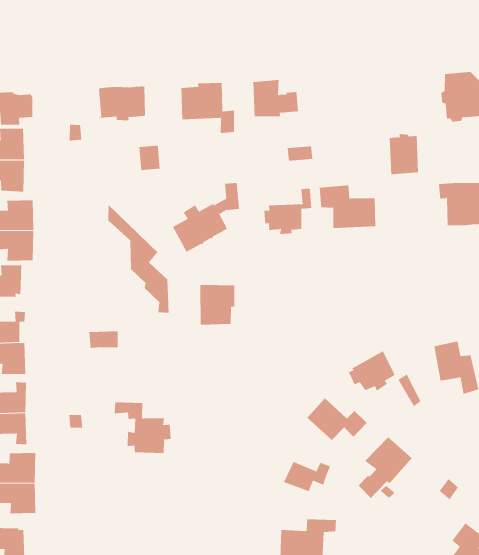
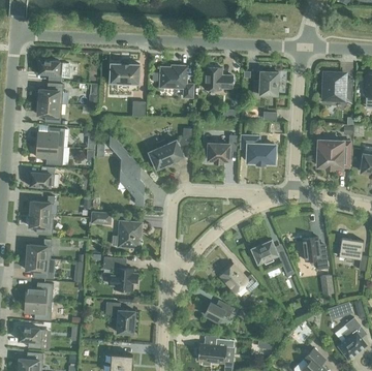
building: [389,134,419,175] -> [258,69,277,94]
building: [200,285,235,325] -> [117,221,141,247]
building: [358,436,412,499] -> none
building: none -> [104,302,134,334]

